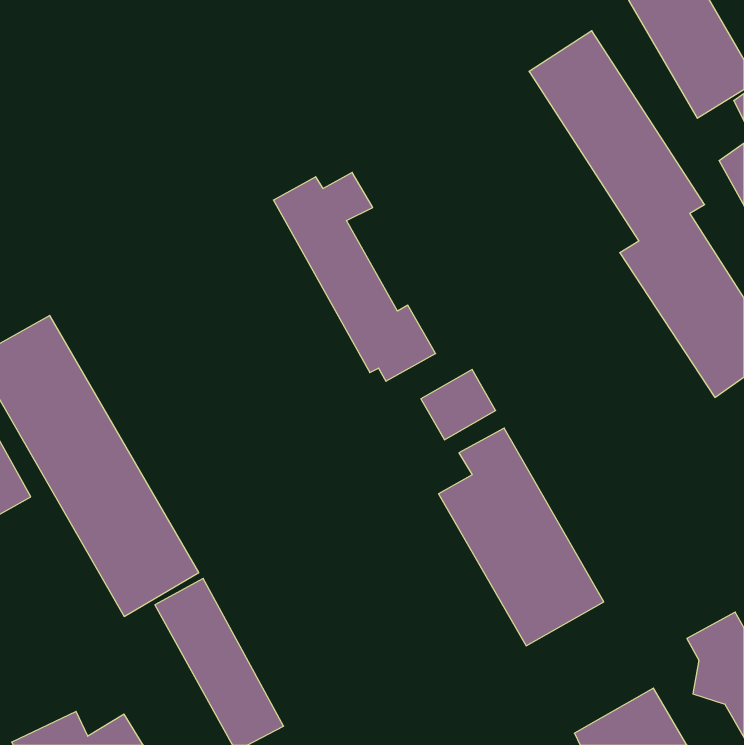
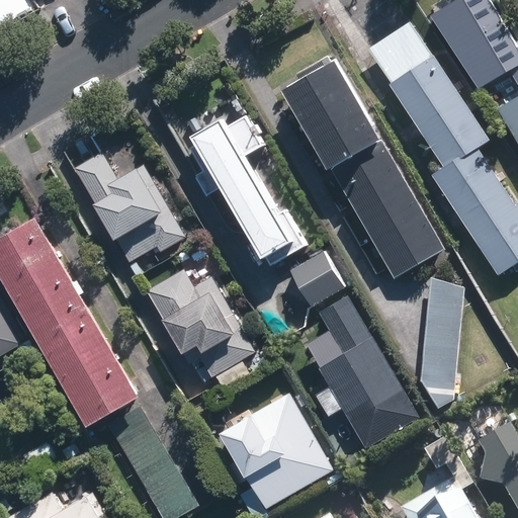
building: none -> [281,61,444,279]
building: none -> [74,152,186,261]
building: none -> [146,268,255,374]
building: none -> [420,276,462,408]
building: none -> [240,393,332,508]

